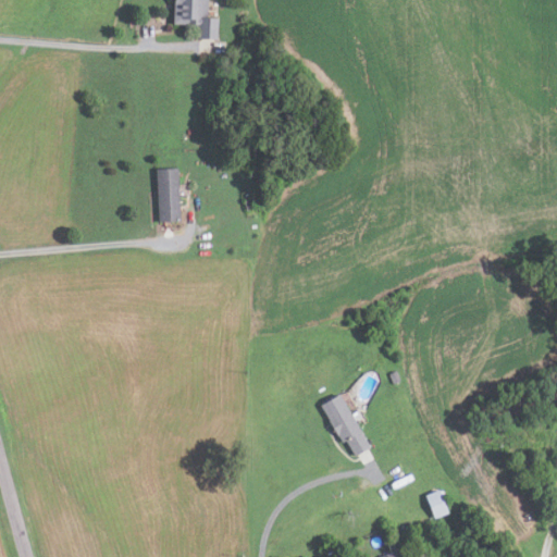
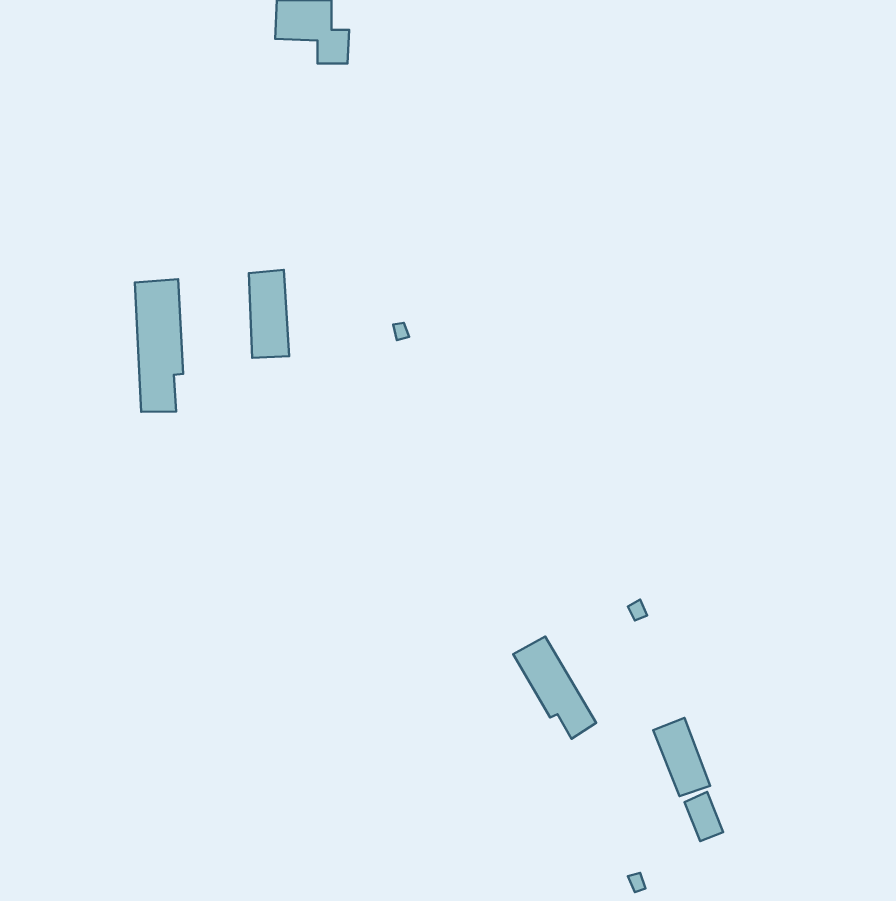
building: none -> [135,279,183,412]
building: none -> [653,718,710,796]

